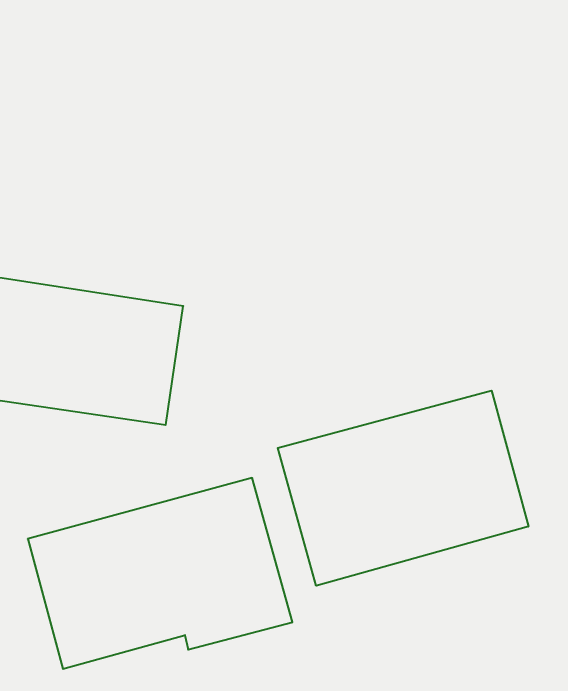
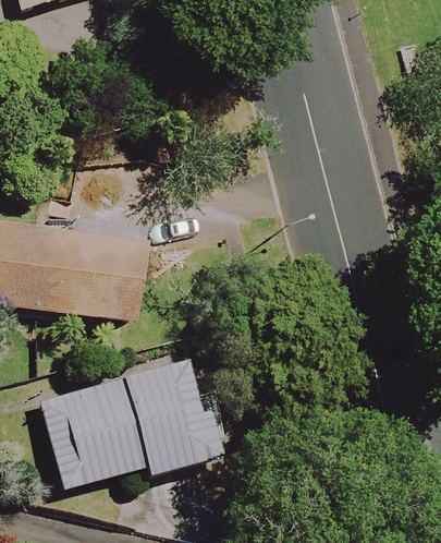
building: [278,391,528,586] -> none

